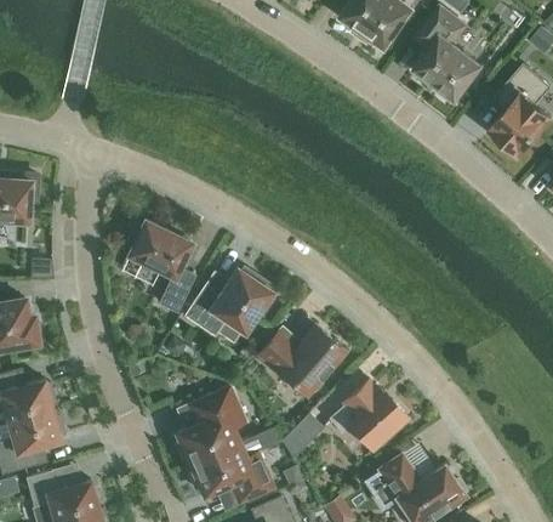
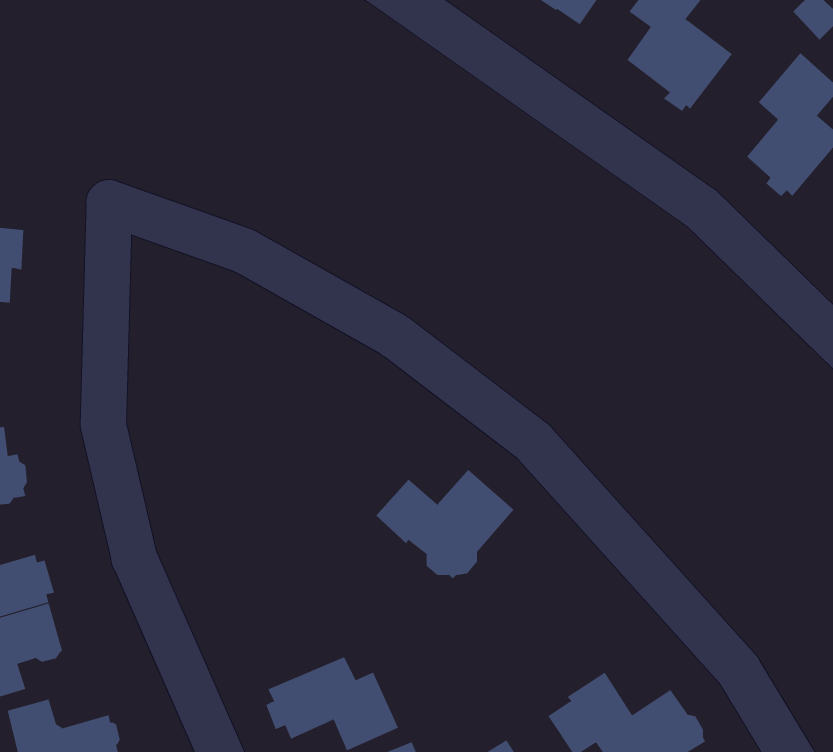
building: [125,219,193,311] -> none
building: [184,268,273,335] -> none
building: [329,379,407,449] -> none
building: [175,387,246,464] -> none
building: [280,413,323,458] -> none

